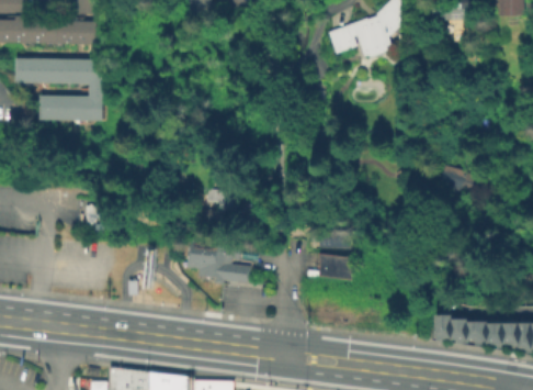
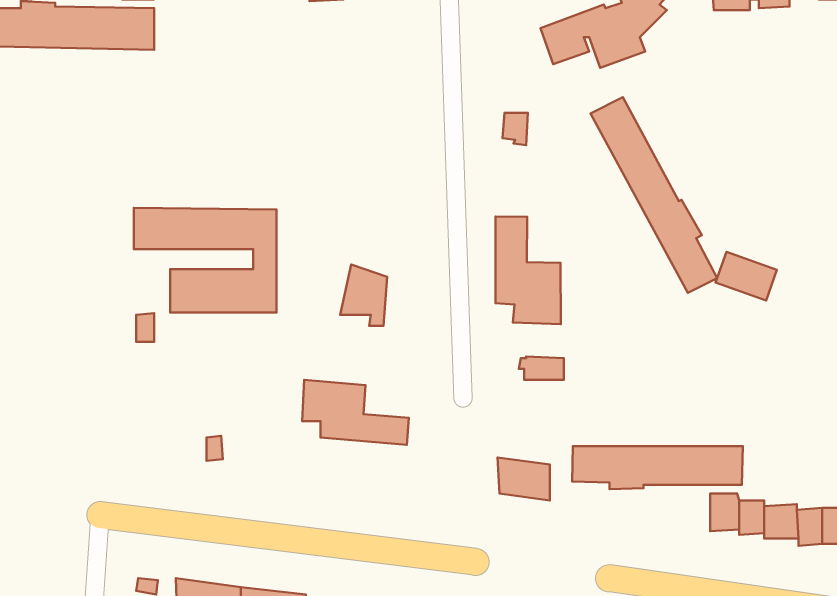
building: [14,57,101,121] -> [134,208,276,312]
building: none -> [591,97,717,293]
building: none -> [496,216,561,324]
building: [319,254,351,280] -> [498,457,550,501]
building: none -> [572,446,743,489]

